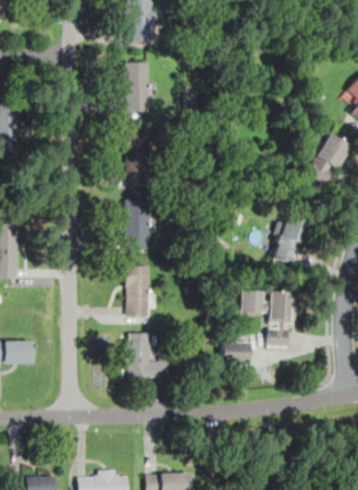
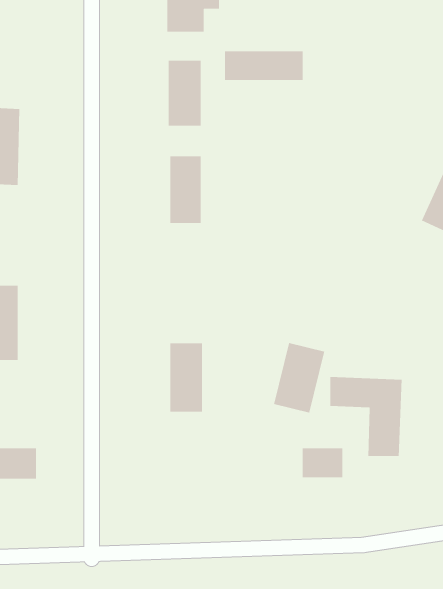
building: none -> [224,50,303,81]
building: [126,199,150,248] -> none
building: [271,213,308,265] -> [273,342,325,414]
building: [126,332,169,377] -> none

